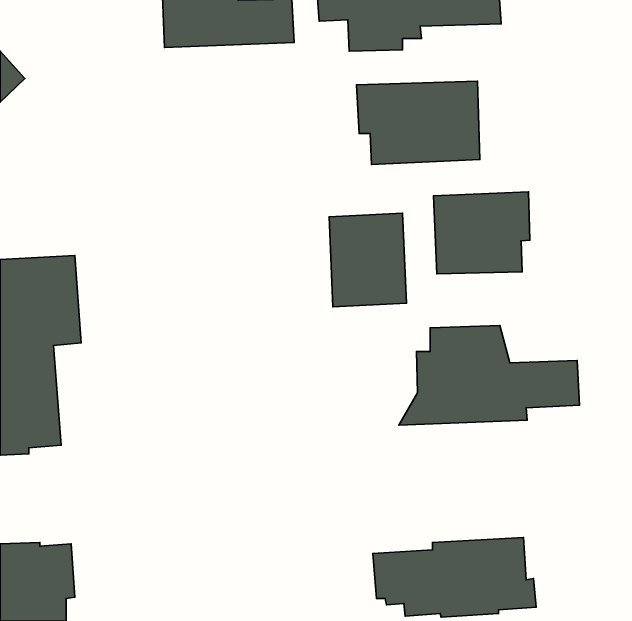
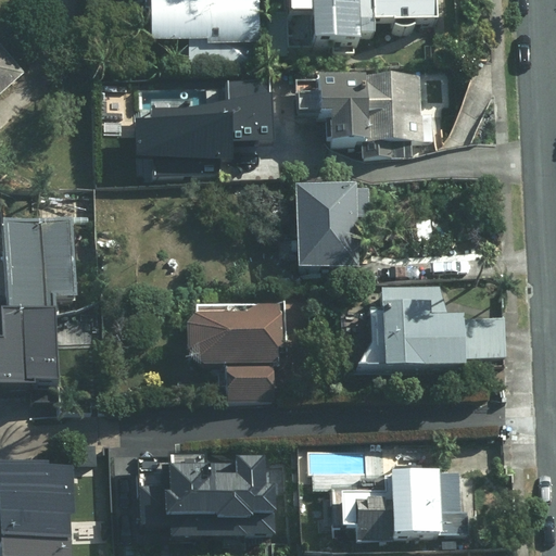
building: none -> [134,78,275,178]
building: [434,192,530,274] -> none
building: none -> [184,301,281,399]
building: none -> [137,438,280,528]

